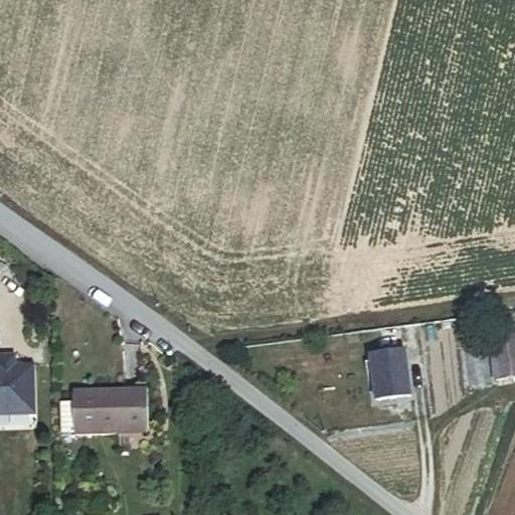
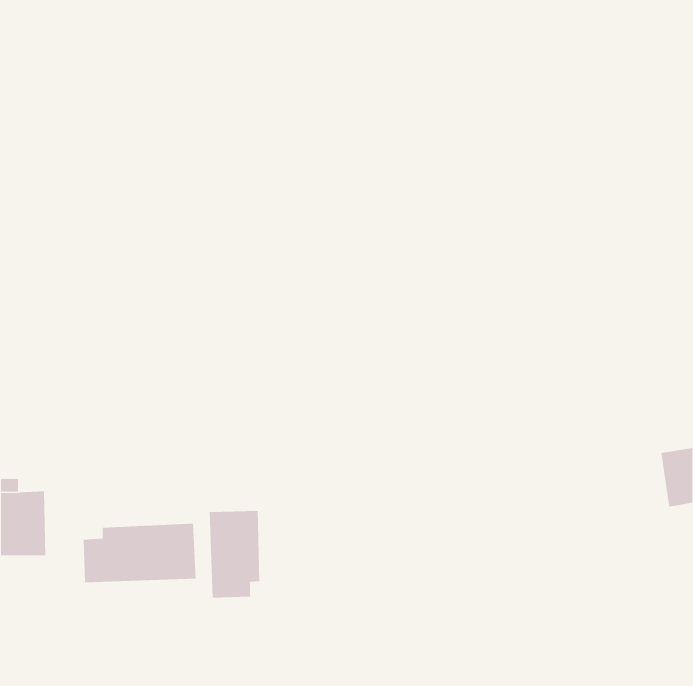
building: [371,340,409,394] -> none
building: none -> [209,510,260,599]

